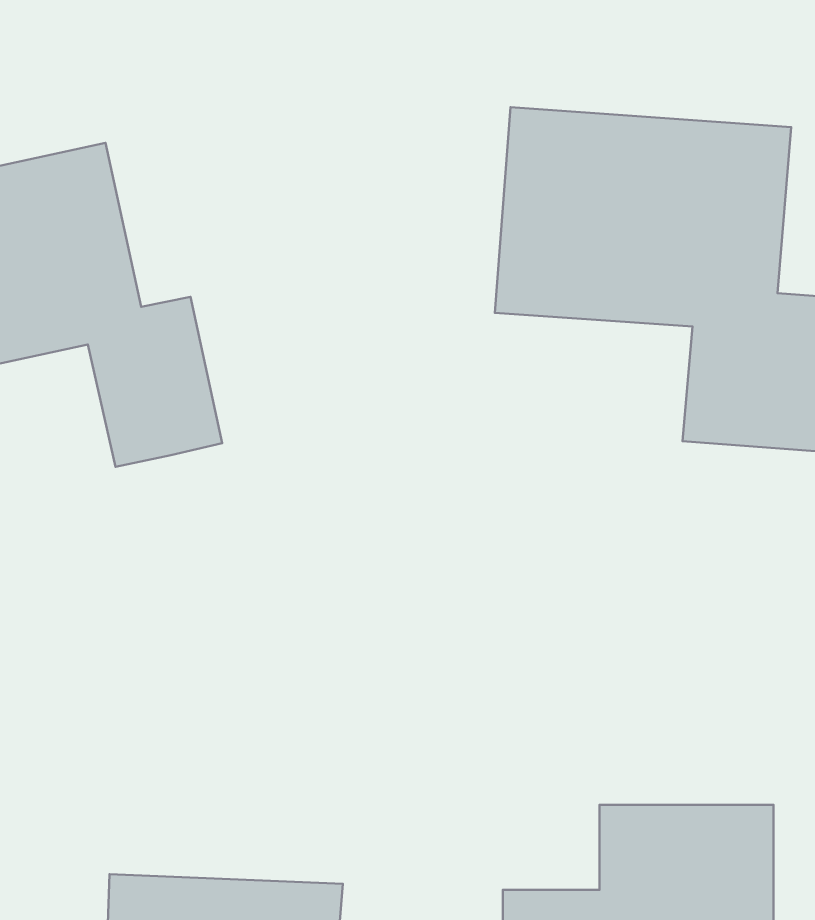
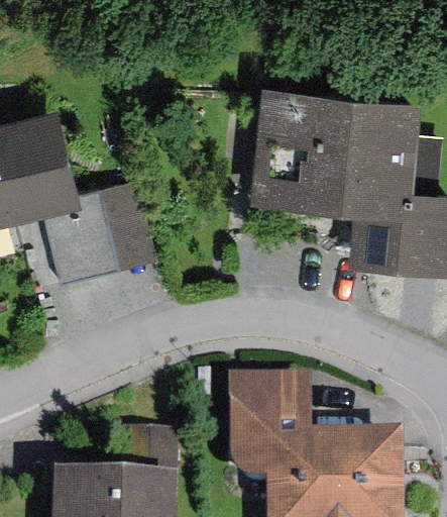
building: none -> [222,390,319,494]

